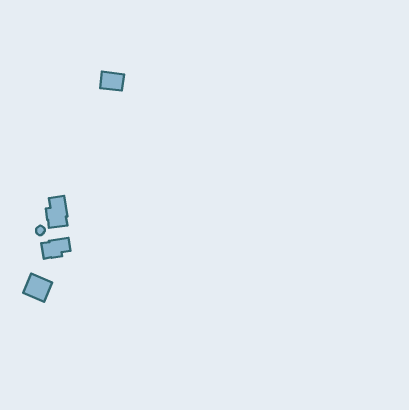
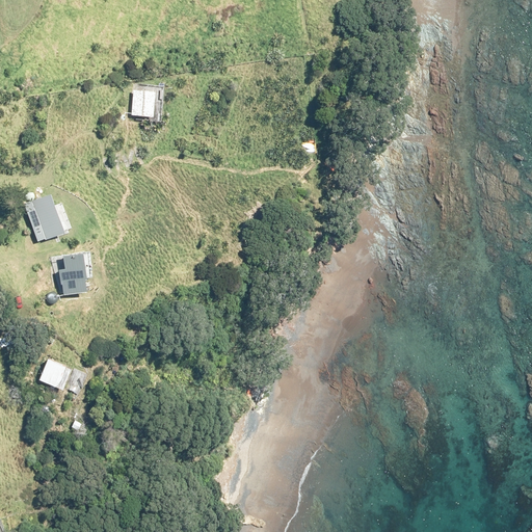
building: none -> [23,190,72,241]
building: [41,238,71,259] -> none

